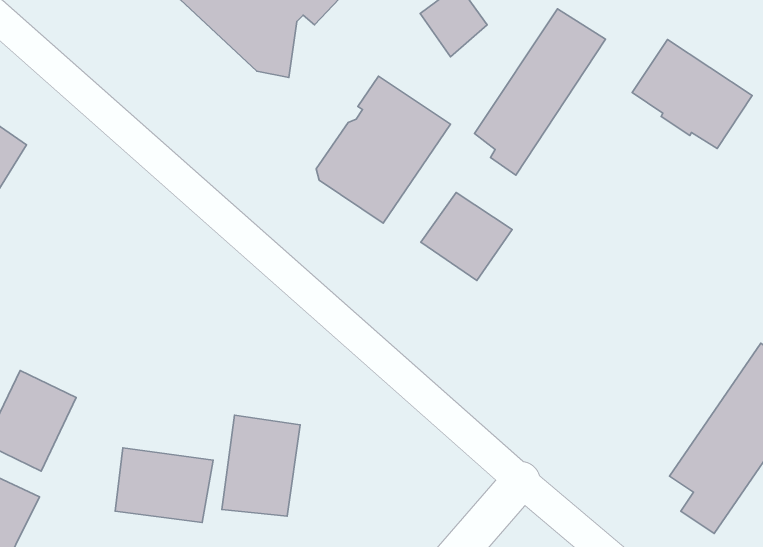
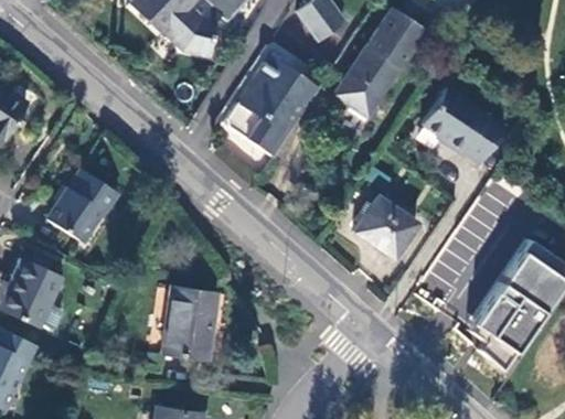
building: [632,40,752,148] -> [423,87,505,162]
building: [421,193,512,281] -> [354,197,417,258]
building: none -> [47,169,117,238]
building: [115,448,213,522] -> none

